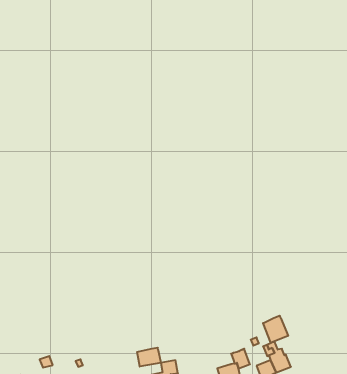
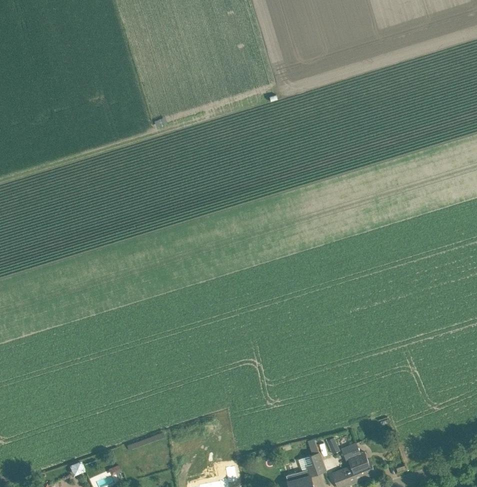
building: [263,316,288,343] -> none
building: [137,348,161,367] -> none

